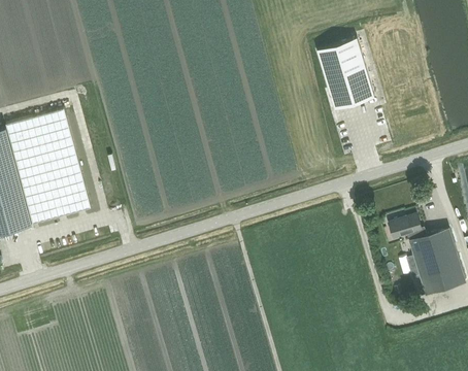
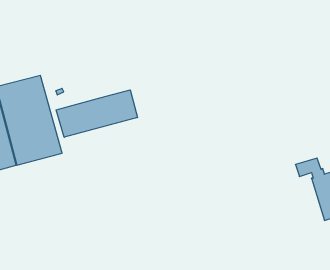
building: [316,38,374,109] -> none
building: none -> [56,90,137,137]

